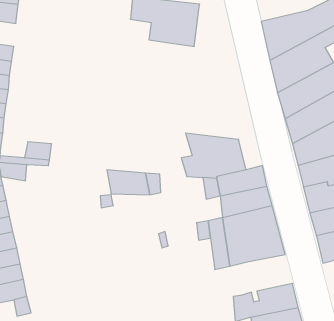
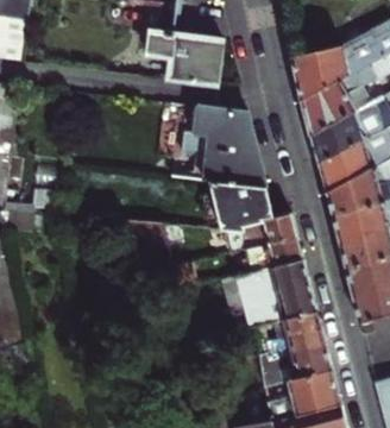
building: none -> [168,107,266,188]
building: none -> [259,314,326,359]

